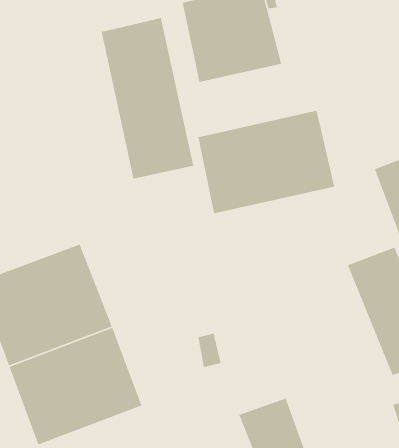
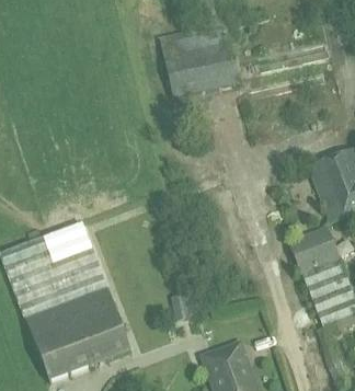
building: [101,17,194,179] -> none
building: [197,110,335,214] -> none

